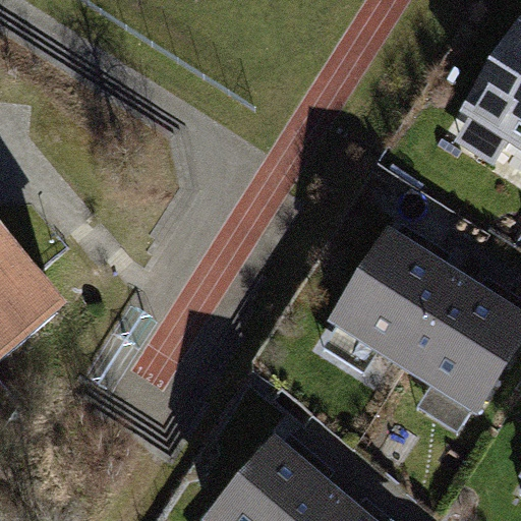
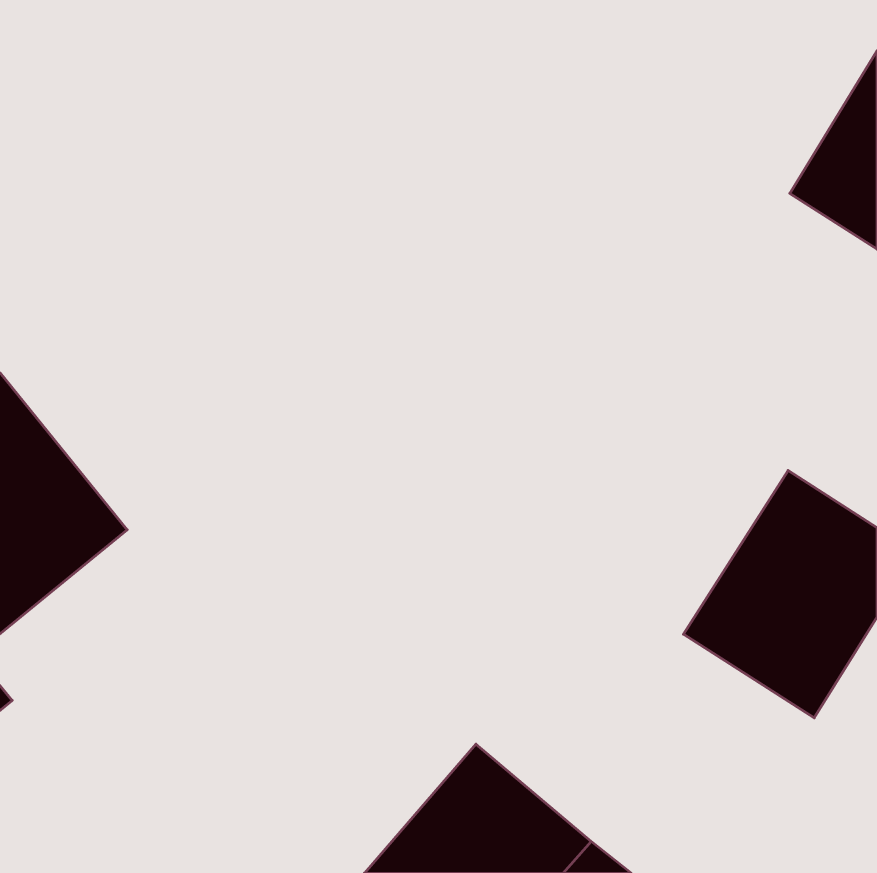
building: [323,226,460,370] -> none

